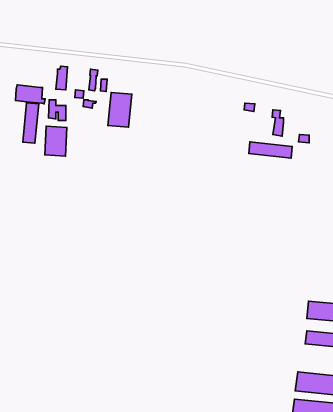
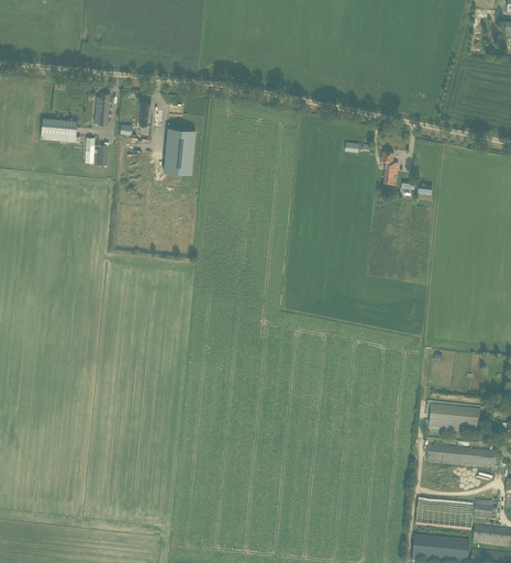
building: [23,103,39,143] -> none
building: [45,126,67,156] -> none
building: [249,142,292,158] -> none

